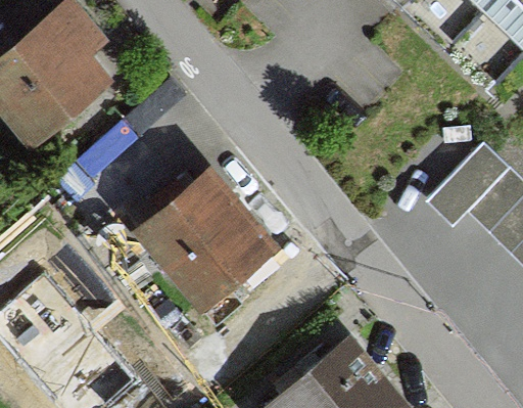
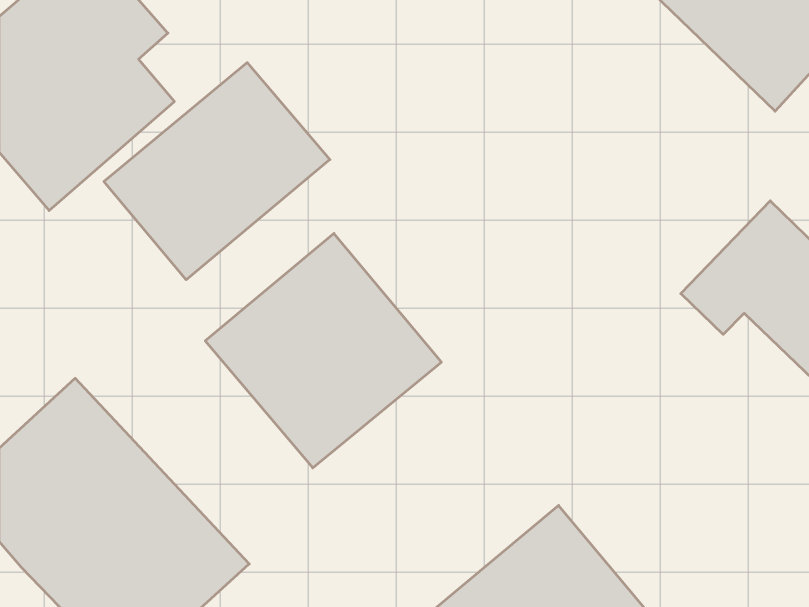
building: none -> [104,63,330,280]

